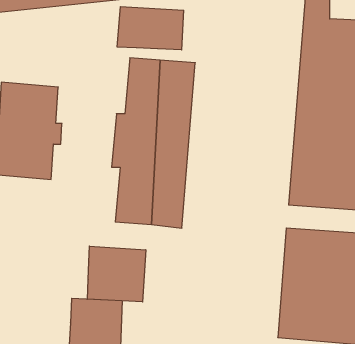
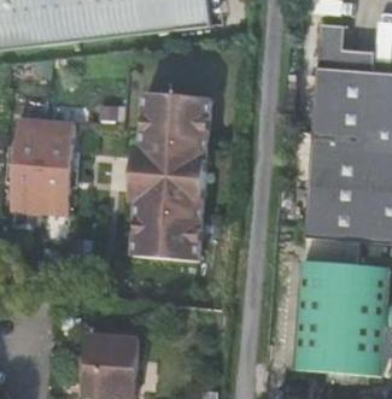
building: [117,7,184,50] -> none
building: [87,246,146,302] -> none

